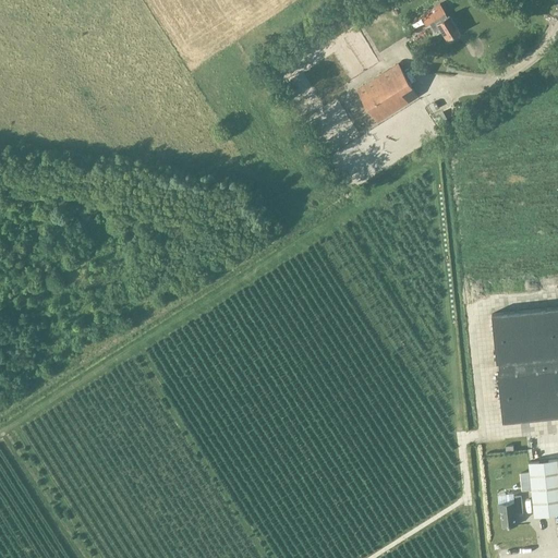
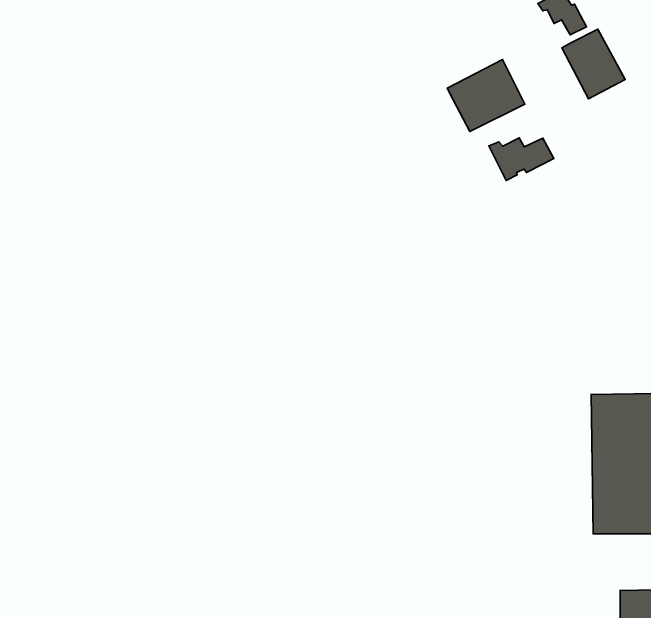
building: none -> [562,29,625,99]
building: none -> [489,138,554,180]

